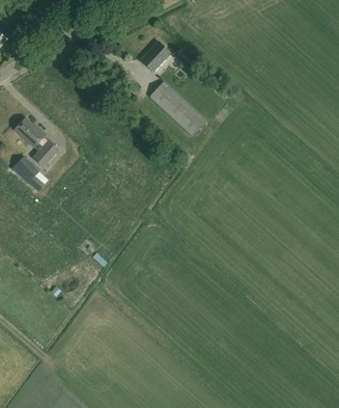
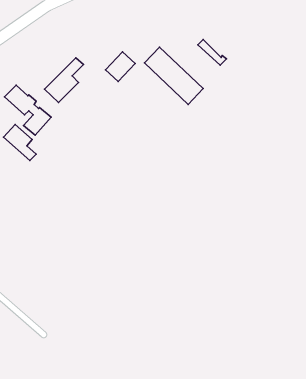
building: [142,42,171,71] -> [105,52,135,82]
building: none -> [45,58,84,103]

